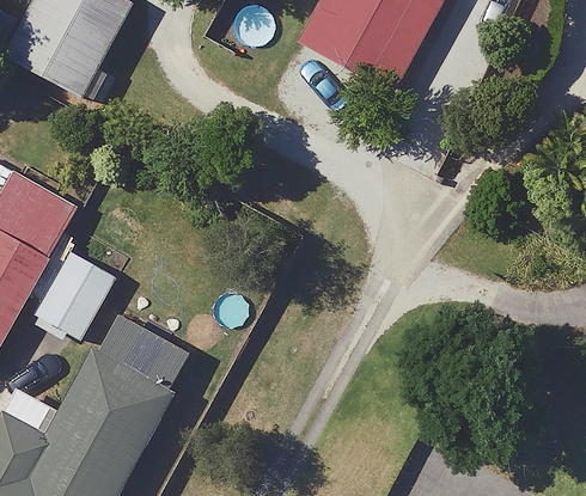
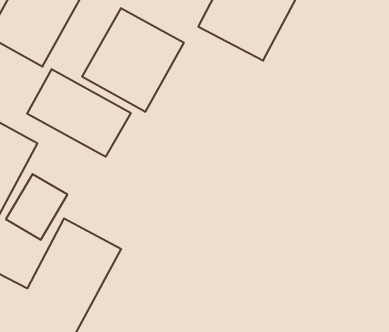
building: none -> [82,8,184,112]
building: none -> [27,69,131,157]

